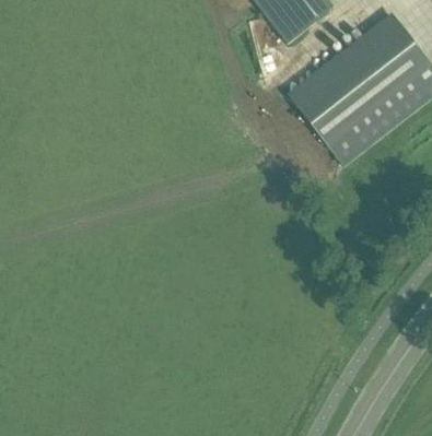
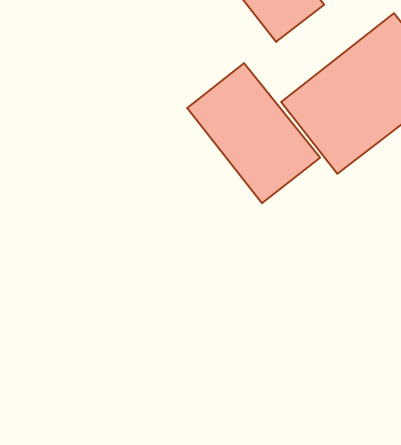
building: none -> [187,63,320,203]

